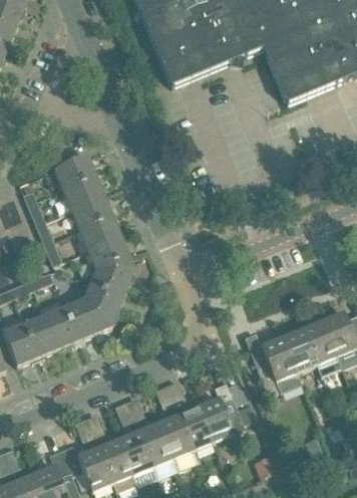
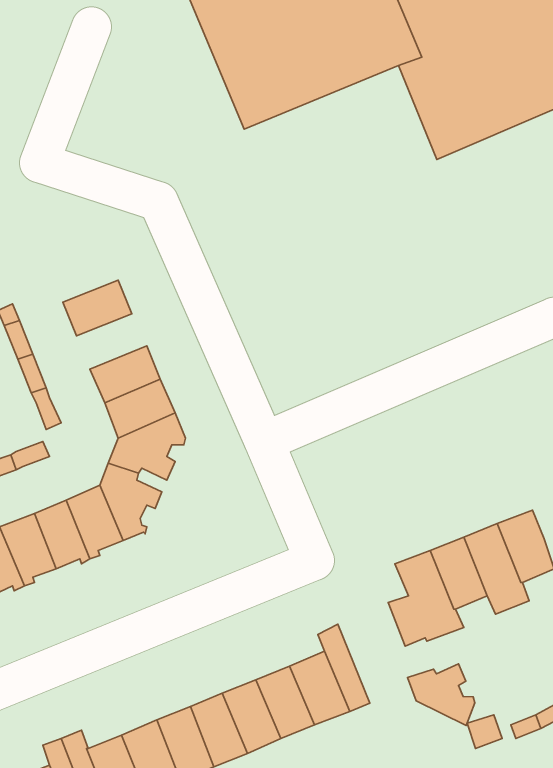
building: [54,155,95,188] -> none
building: [70,195,112,228] -> none
building: none -> [407,664,475,726]

